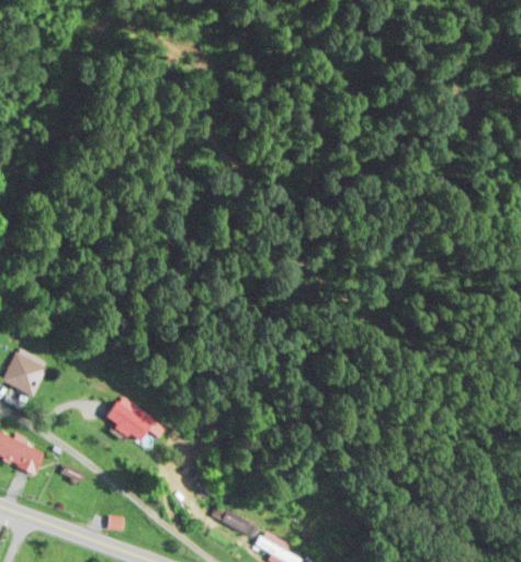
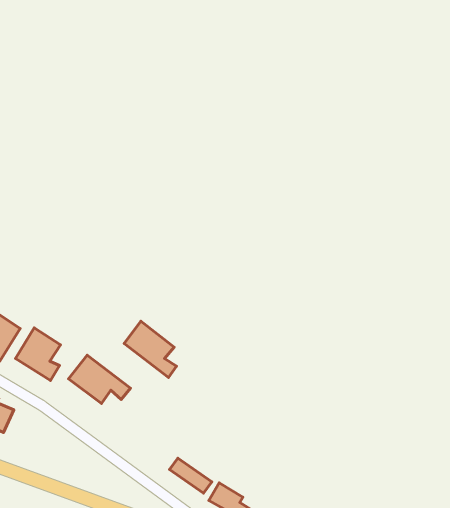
building: none -> [124,321,176,377]
building: none -> [15,328,61,380]

